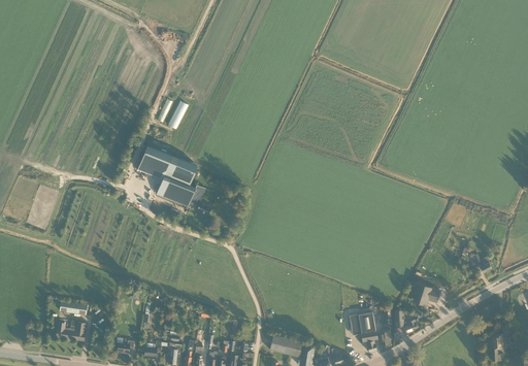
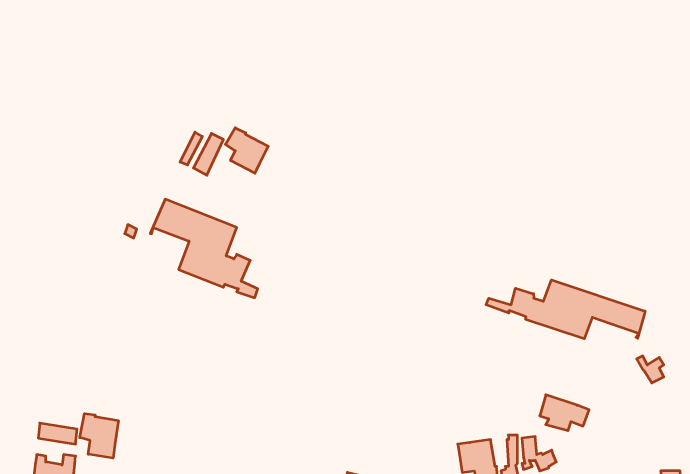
building: none -> [225,128,268,173]
building: none -> [486,280,645,339]
building: none -> [80,414,118,458]

